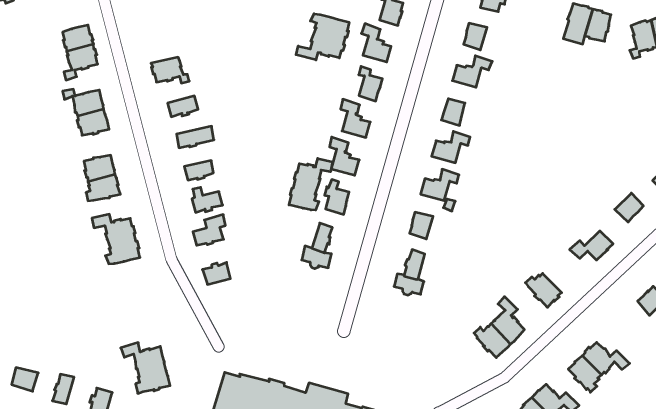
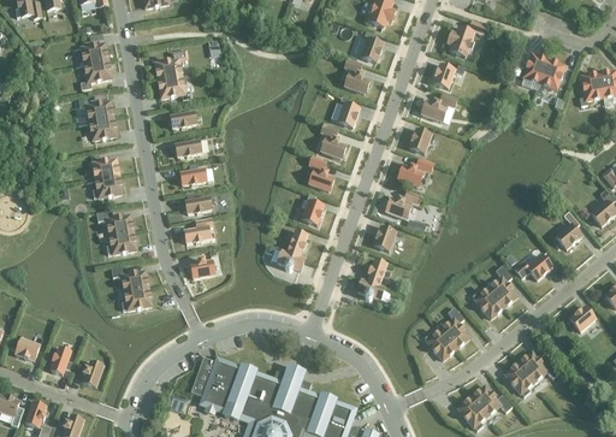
building: [296,14,349,60] -> none
building: none -> [154,51,186,81]
building: [289,158,333,210] -> none
building: none -> [487,266,516,307]
building: [121,343,170,393] -> [109,266,150,311]

